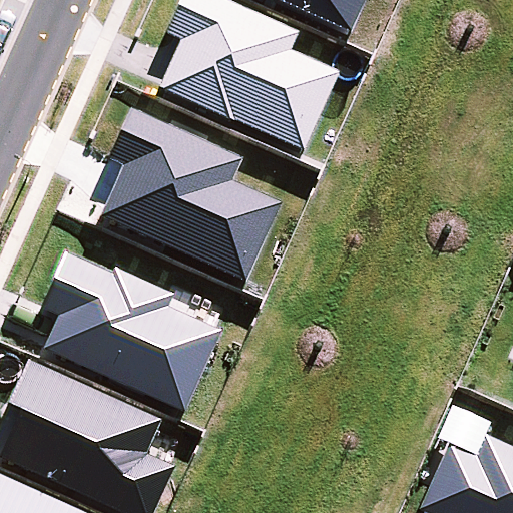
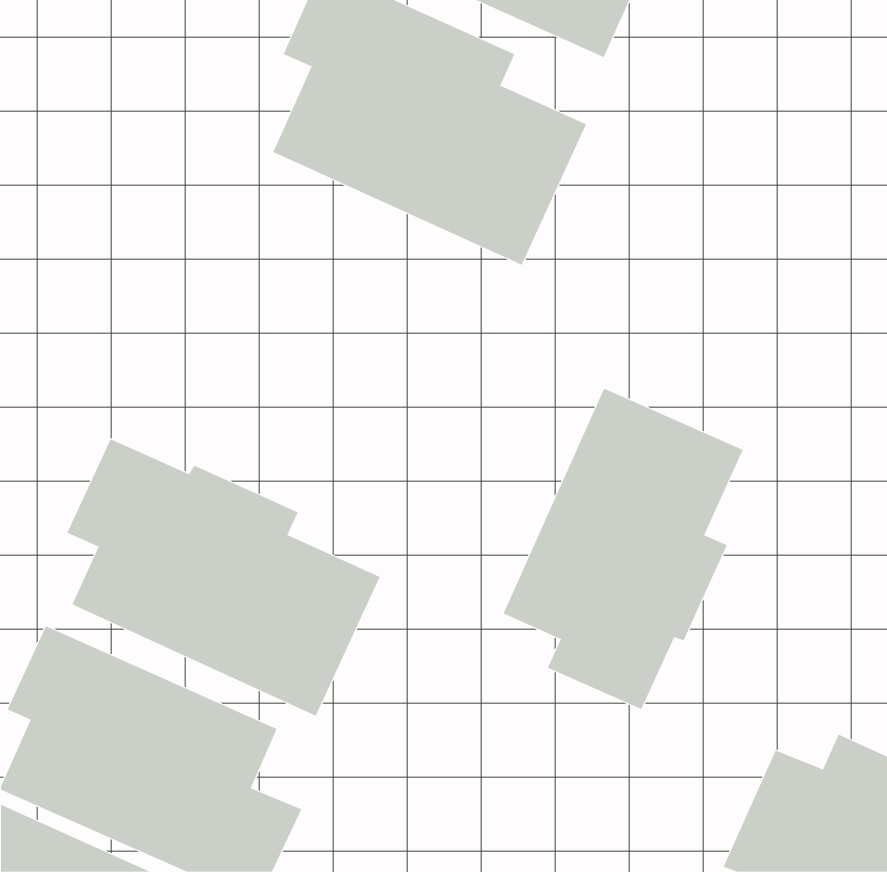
building: [101,106,282,280] -> none
building: none -> [503,388,743,710]

